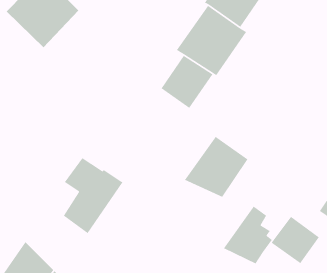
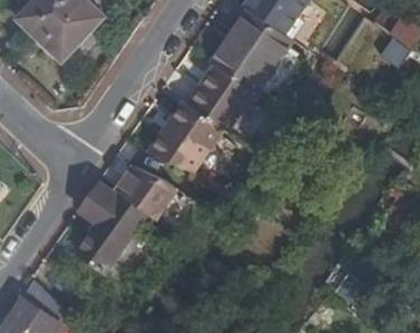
building: [184,136,248,198] -> [147,99,222,170]
building: none -> [113,163,176,217]
building: [223,206,273,264] -> none

